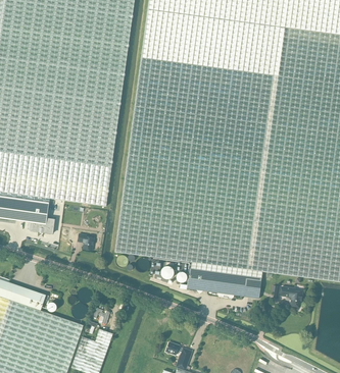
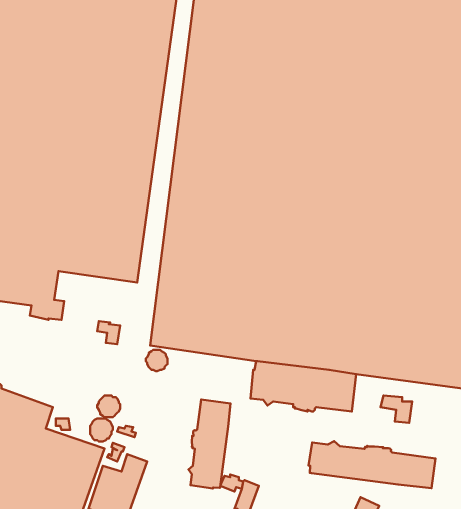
building: none -> [188,399,230,489]
building: none -> [308,441,436,488]

